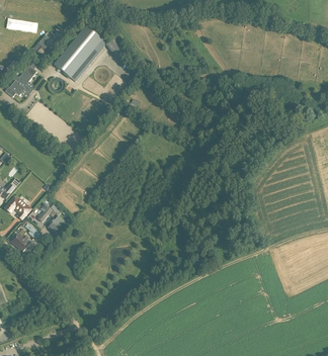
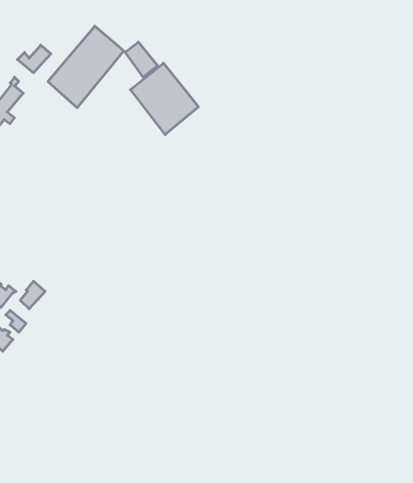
building: none -> [130,63,198,135]

